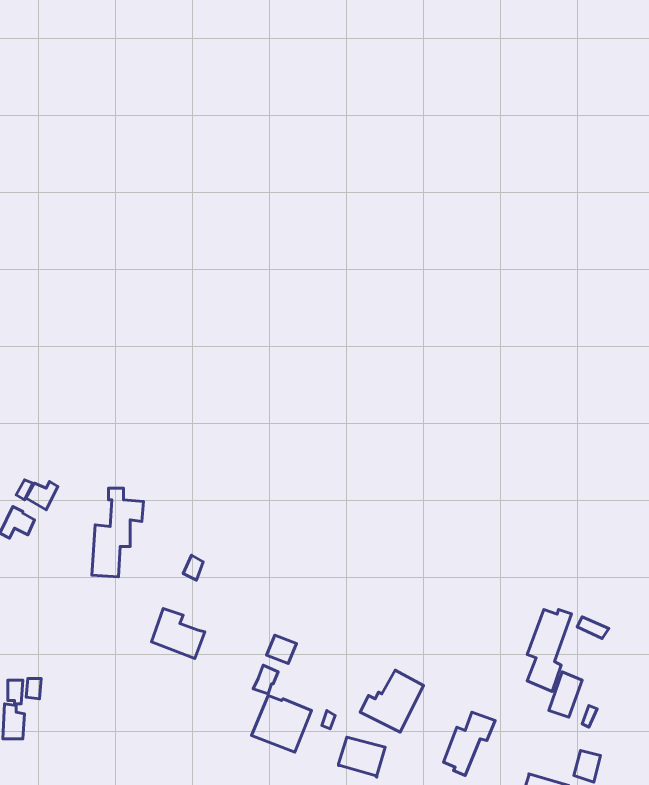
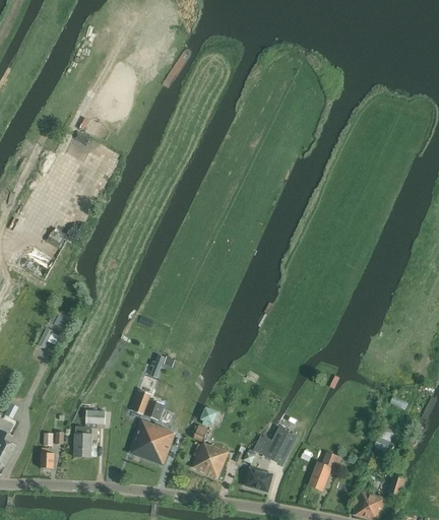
building: [92,488,143,577] -> [74,403,106,457]
building: [527,609,571,691] -> none
building: none -> [130,419,175,466]

